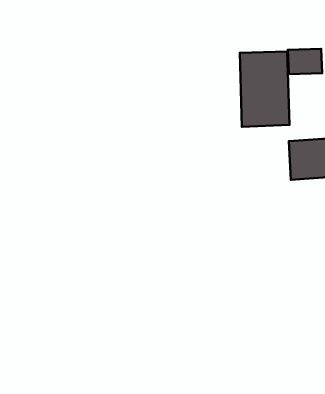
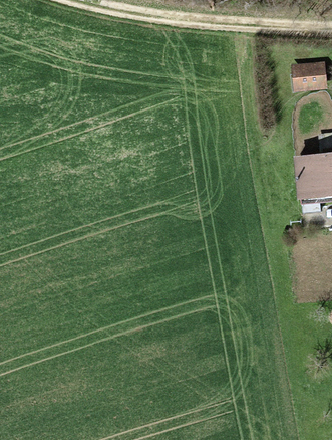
building: [240,52,289,127] -> none

